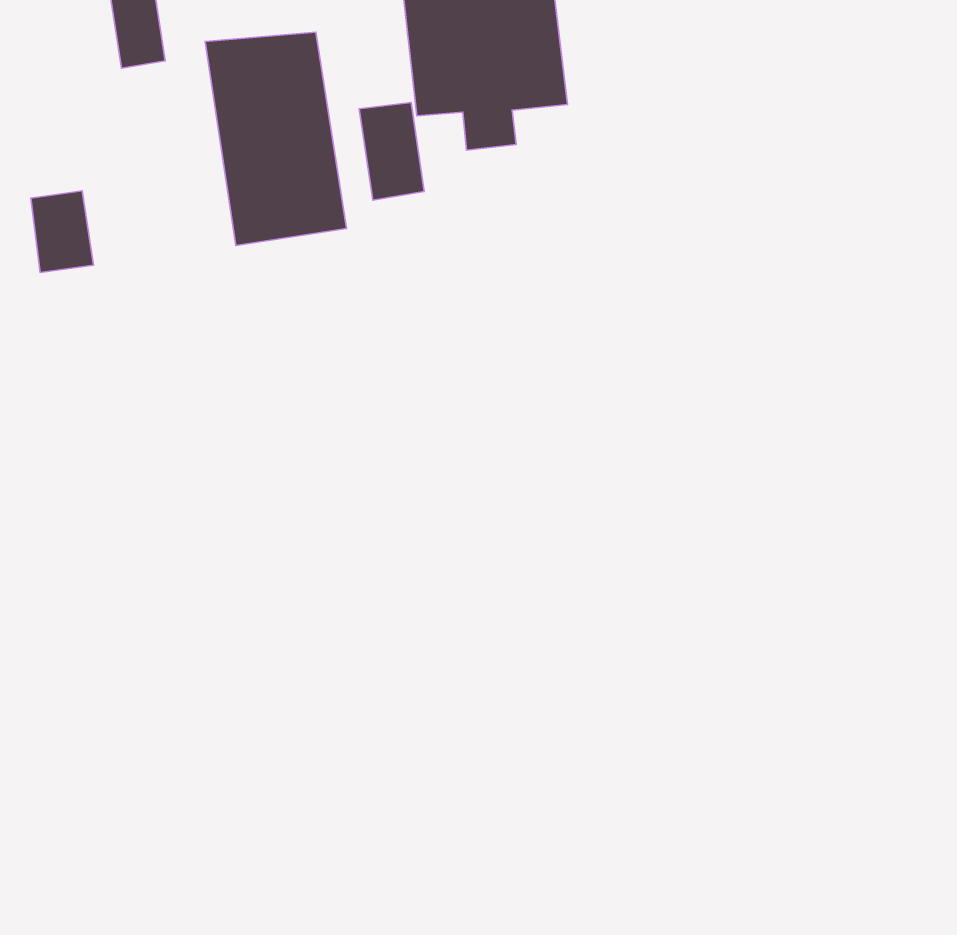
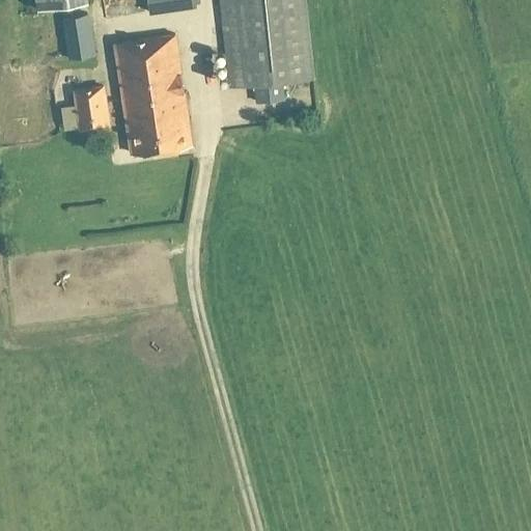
building: [359,102,424,200] -> none
building: [31,191,94,273] -> [75,85,109,130]

